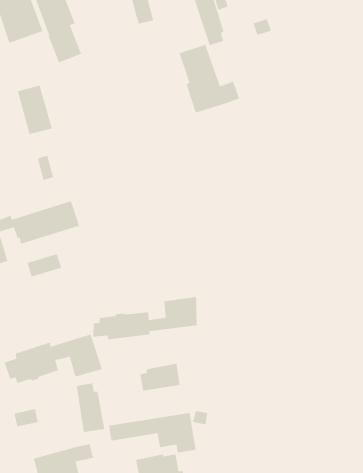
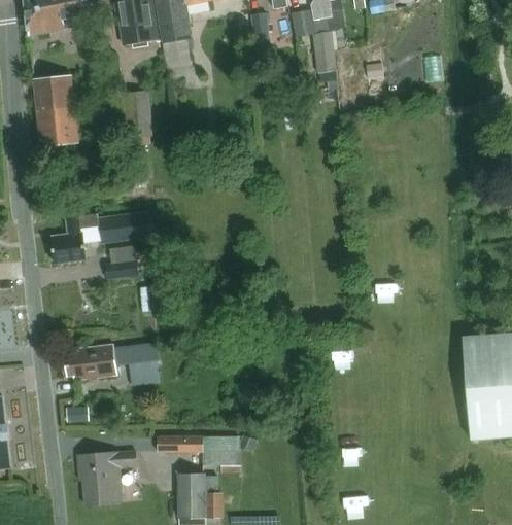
building: [178,44,240,114] -> none
building: [93,296,198,340] -> none
building: [139,363,181,392] -> none
building: [76,383,105,433] -> none

